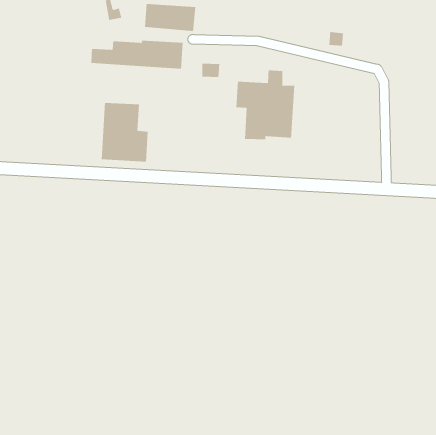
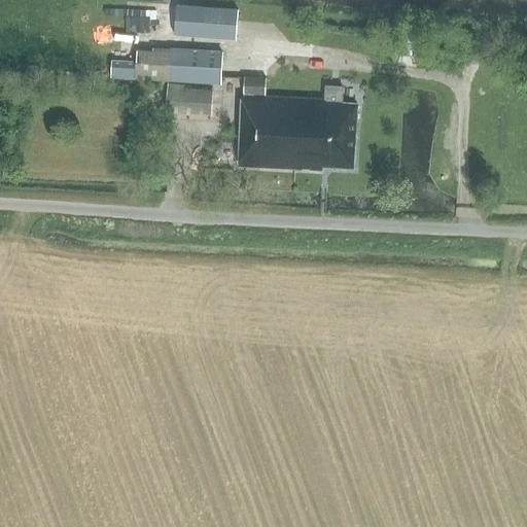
building: none -> [181,89,212,116]
building: [101,102,148,162] -> [239,96,296,168]

